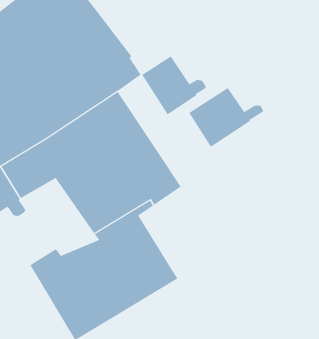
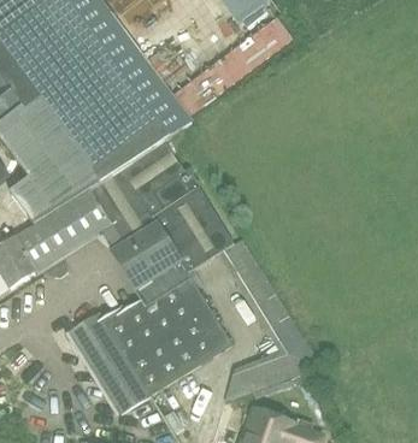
building: [142,56,206,115] -> none
building: [189,87,264,148] -> none

